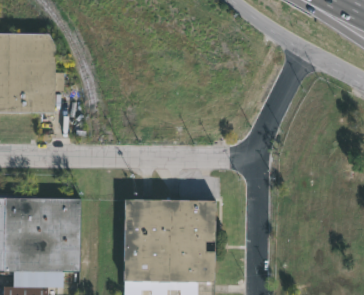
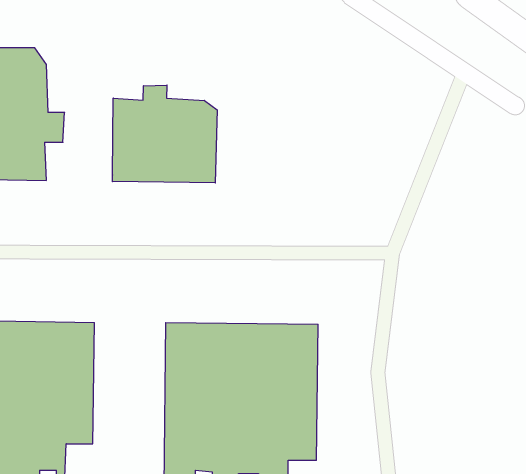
building: none -> [112,85,217,183]

